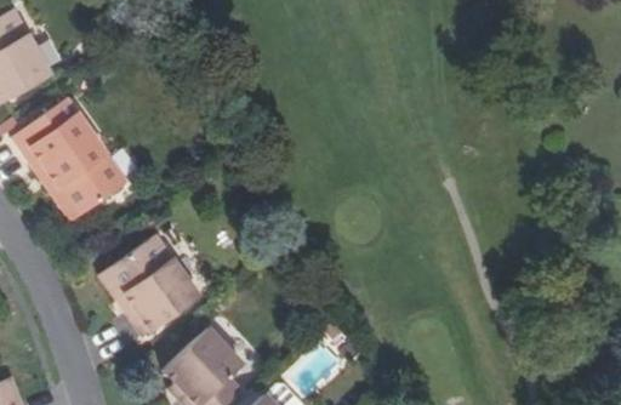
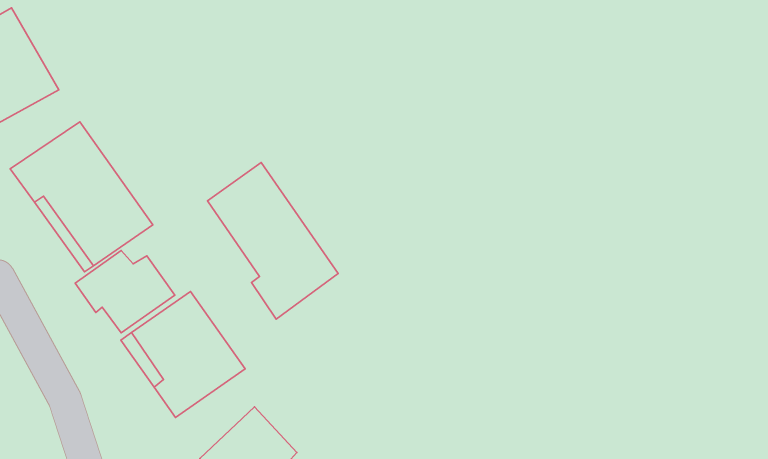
building: none -> [207,163,338,319]
building: none -> [75,251,175,333]

